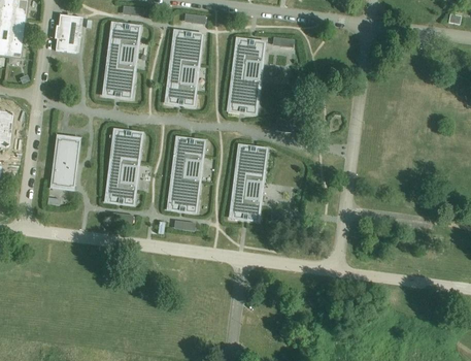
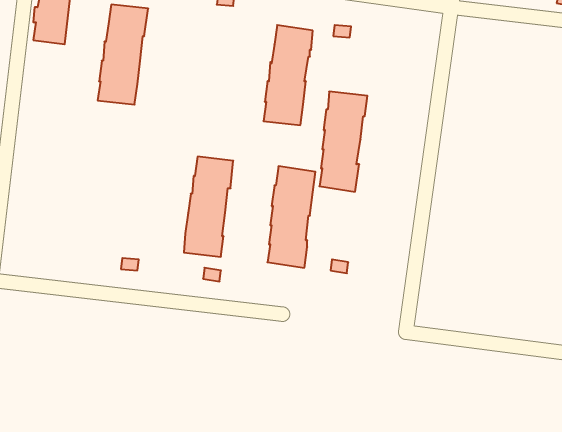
building: [167,30,203,105] -> [319,92,367,192]
building: [106,128,142,204] -> none
building: [51,136,80,187] -> none

